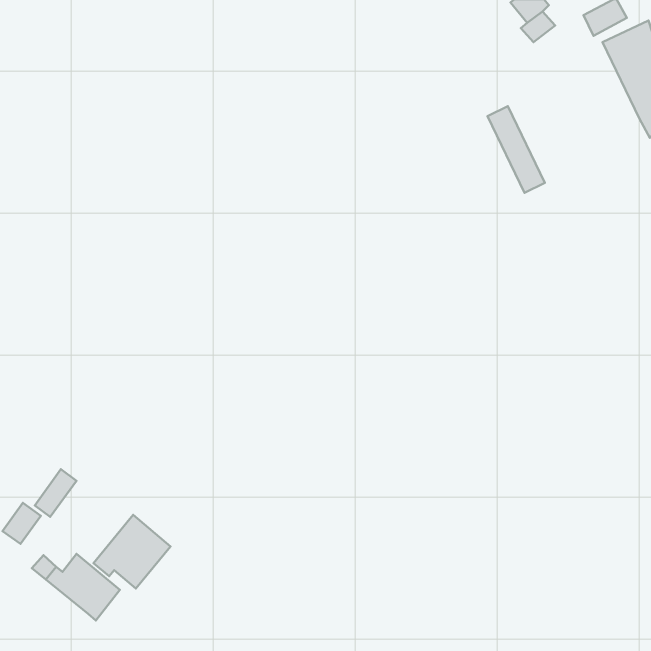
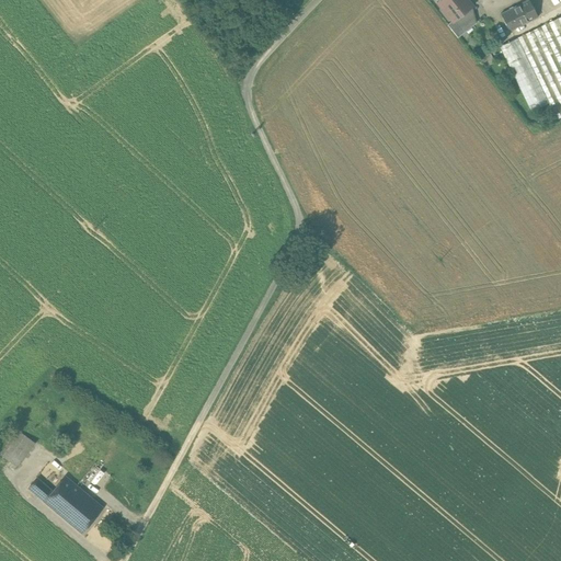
building: [487,106,545,193] -> [501,36,550,111]
building: [35,469,76,517] -> none
building: [93,515,170,589] -> none

